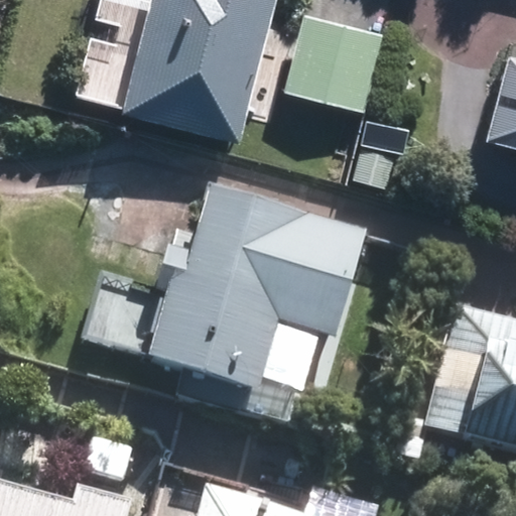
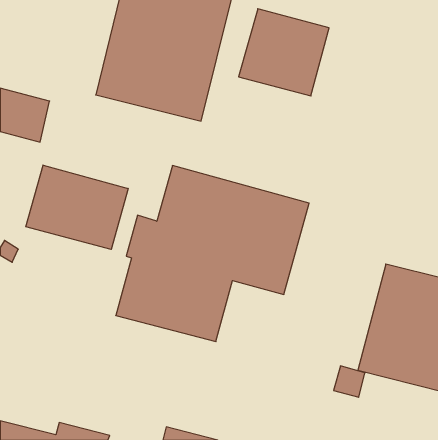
building: none -> [26,165,128,249]

